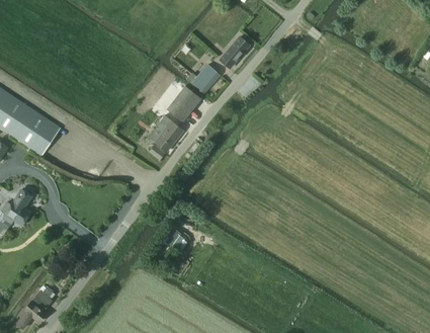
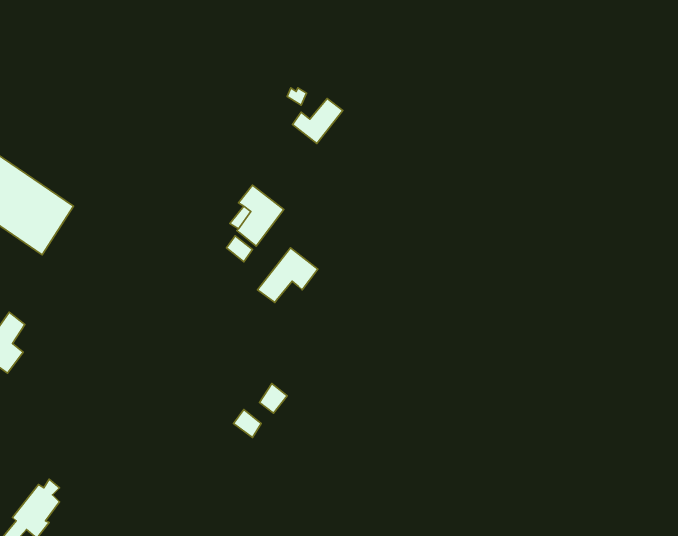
building: [222,33,249,68] -> none
building: [166,85,201,121] -> none
building: none -> [257,248,318,303]

